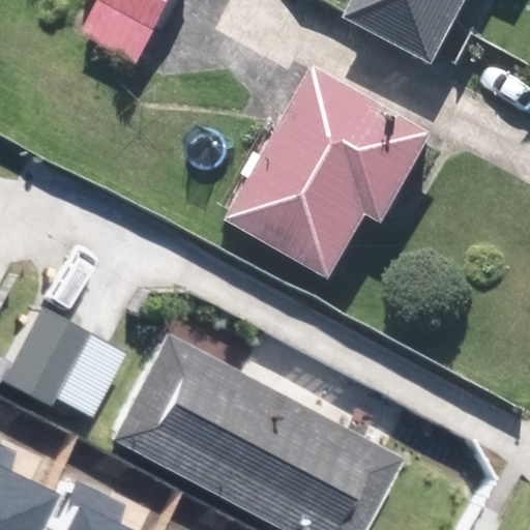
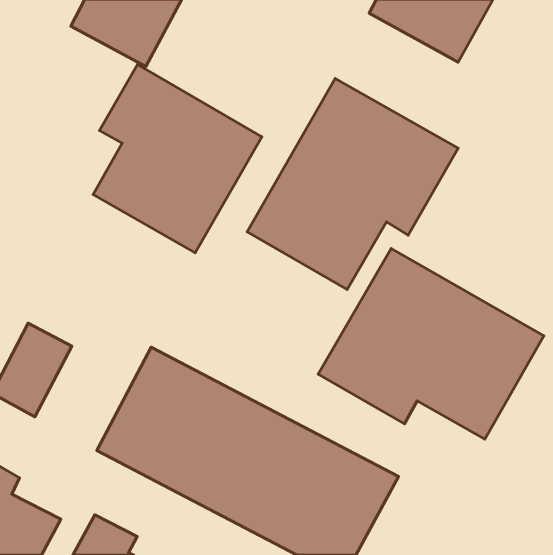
building: none -> [93,65,262,253]
building: none -> [318,248,544,439]

